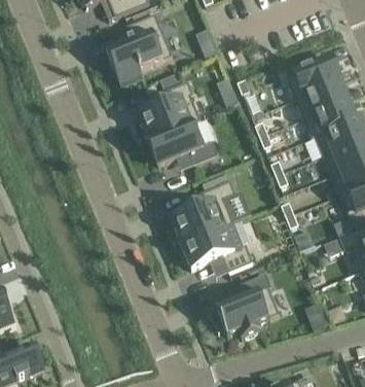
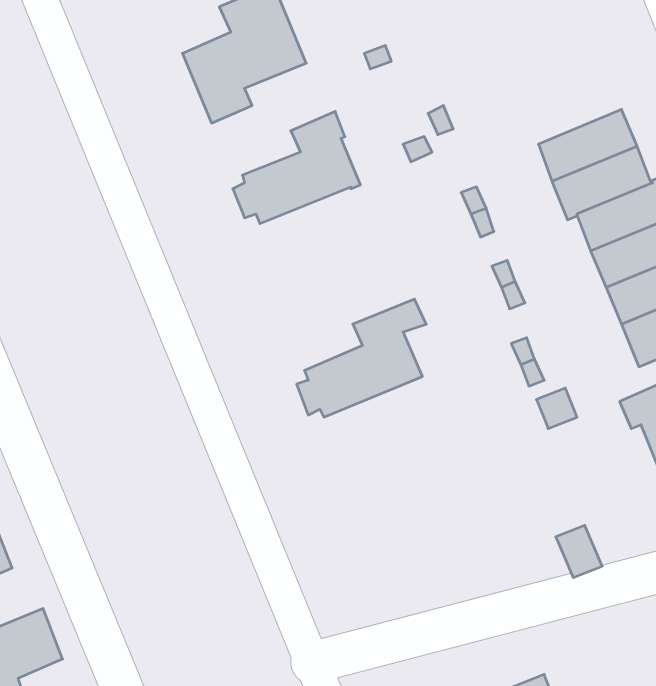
building: [285,57,339,98] -> none
building: [147,120,217,165] -> none
building: [181,221,252,271] -> none
building: [212,273,279,337] -> none

